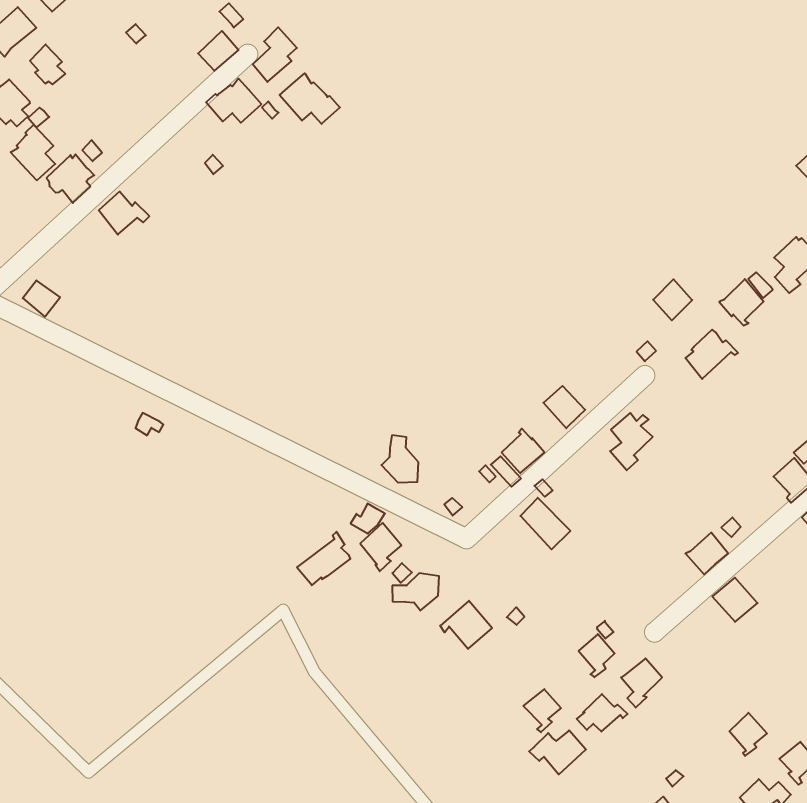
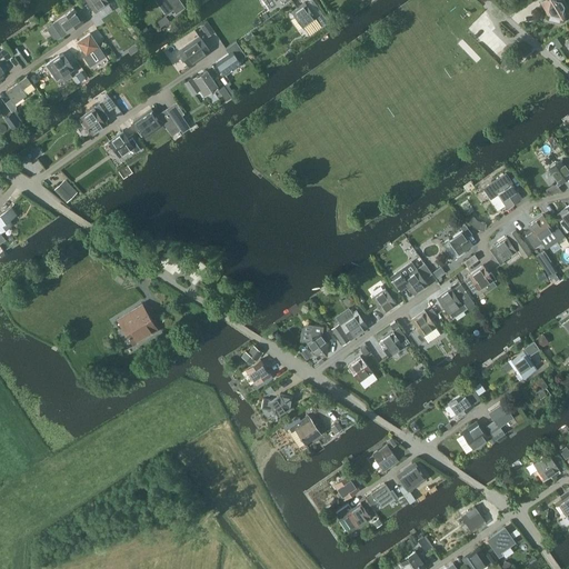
building: [280,73,340,124] -> none
building: [11,125,55,180] -> none
building: none -> [132,112,169,138]
building: none -> [482,173,521,211]
building: none -> [392,268,429,296]
building: none -> [437,284,476,319]
building: [381,435,418,483] -> [306,325,329,356]
building: none -> [377,322,407,358]
building: none -> [117,303,159,346]
building: [297,532,350,585] -> none
building: none -> [487,403,512,439]

